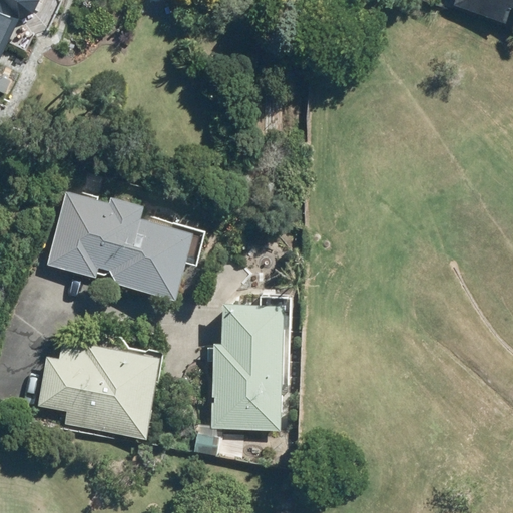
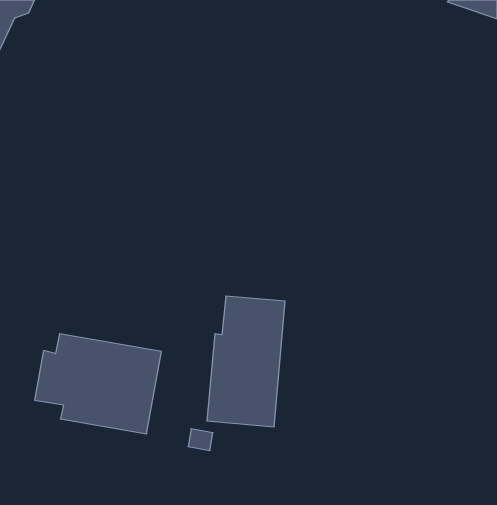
building: [46,191,197,300] -> none

